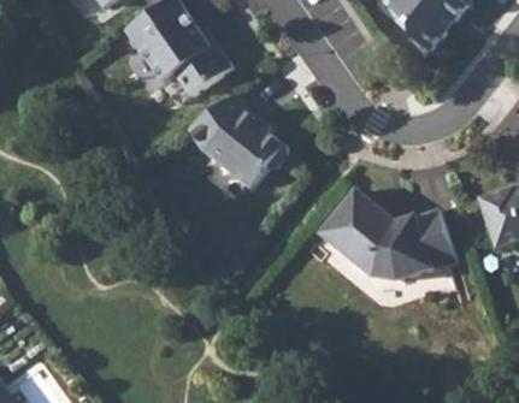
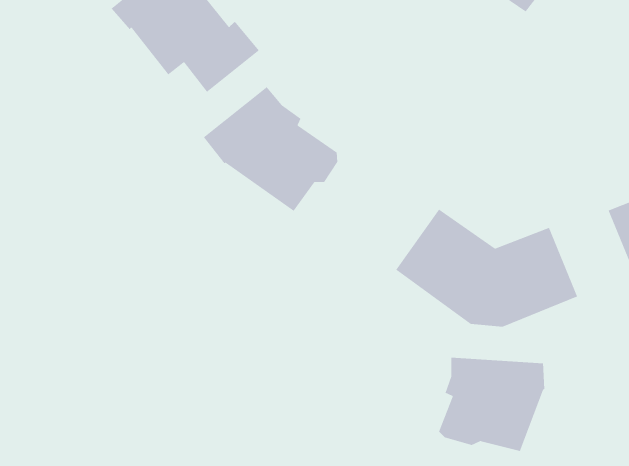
building: none -> [438,357,545,452]

